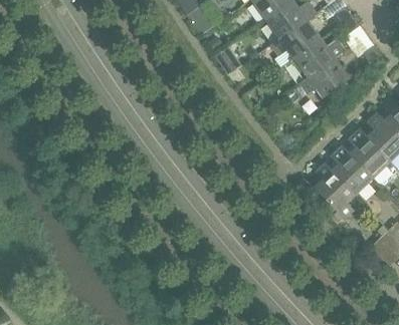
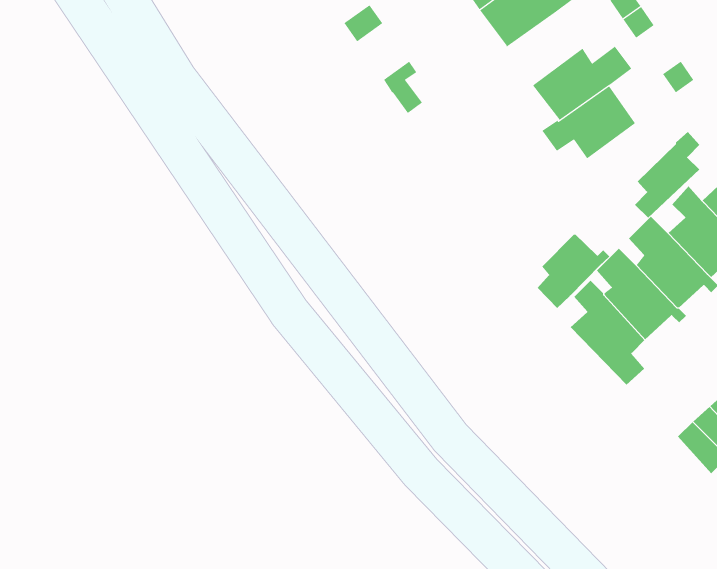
building: [270,21,321,60] -> none
building: none -> [634,131,700,218]
building: none -> [537,234,610,309]

